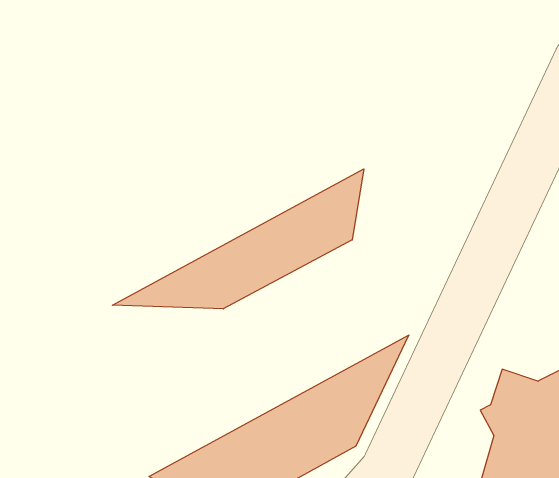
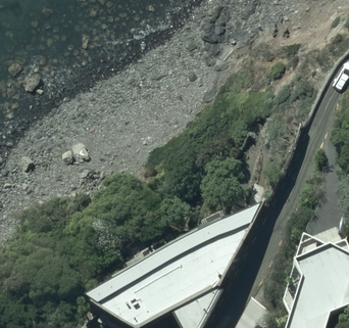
building: [112,169,364,309] -> none

